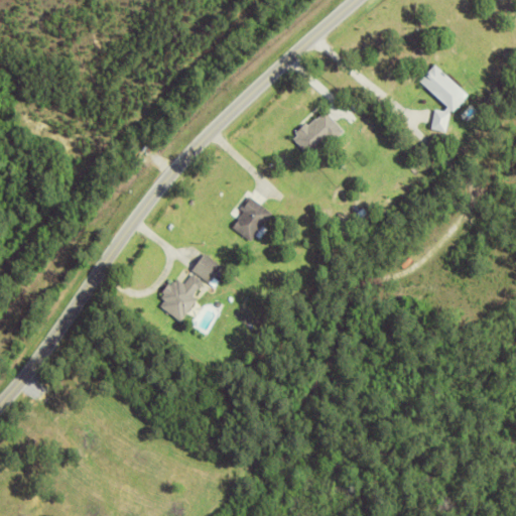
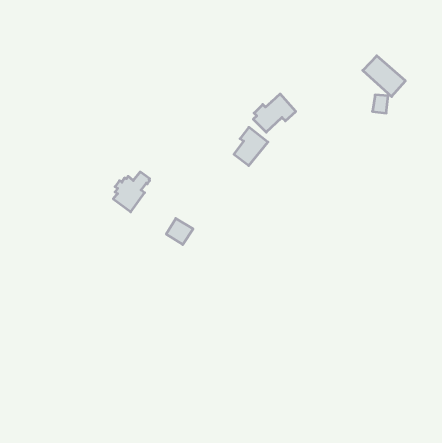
building: [232,196,271,240] -> [234,127,268,166]
building: [159,274,202,320] -> [113,172,150,212]

